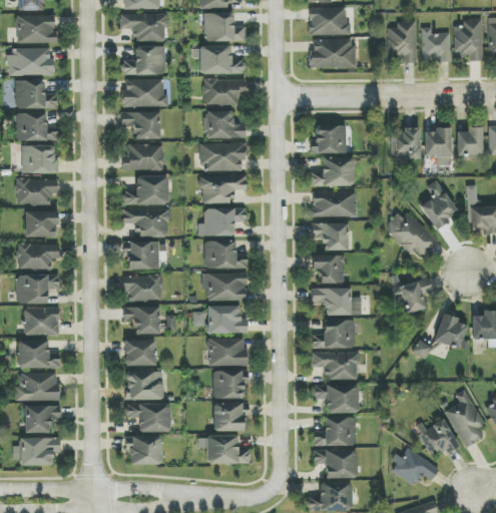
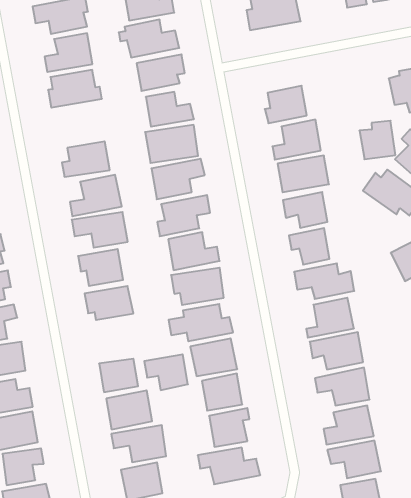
building: [121,111,160,139] -> none
building: [391,127,420,159] -> [359,121,395,159]
building: [124,307,159,335] -> [144,354,188,390]

